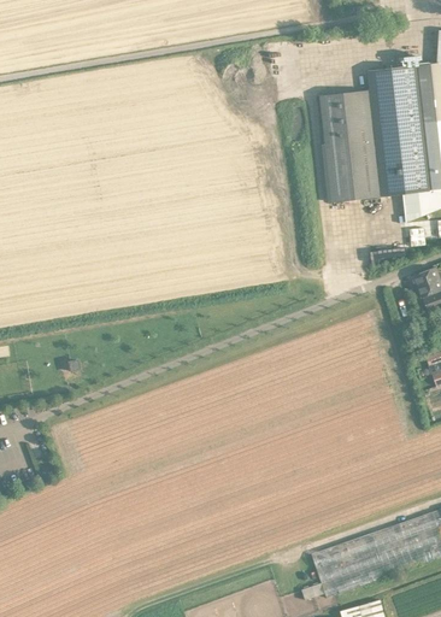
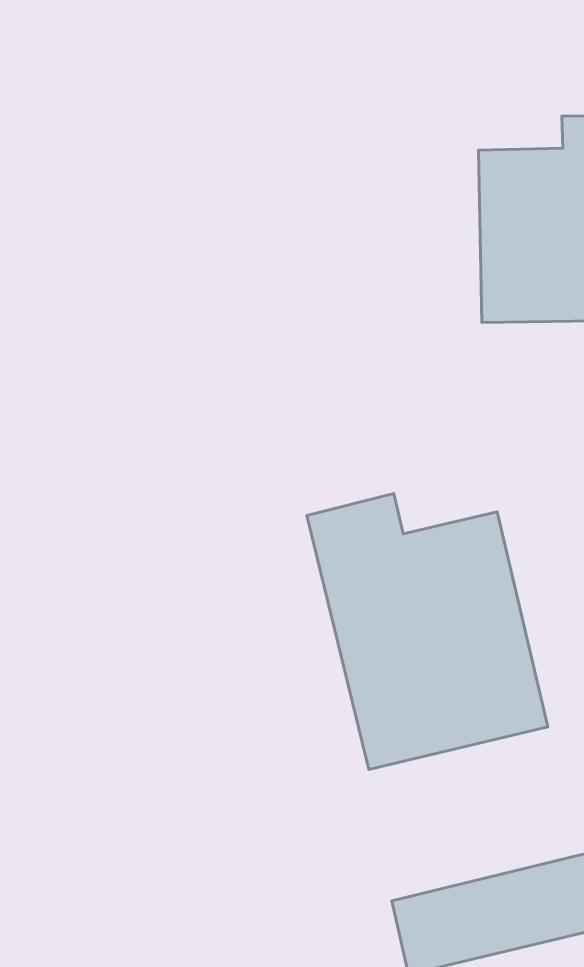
building: none -> [307,494,548,769]

